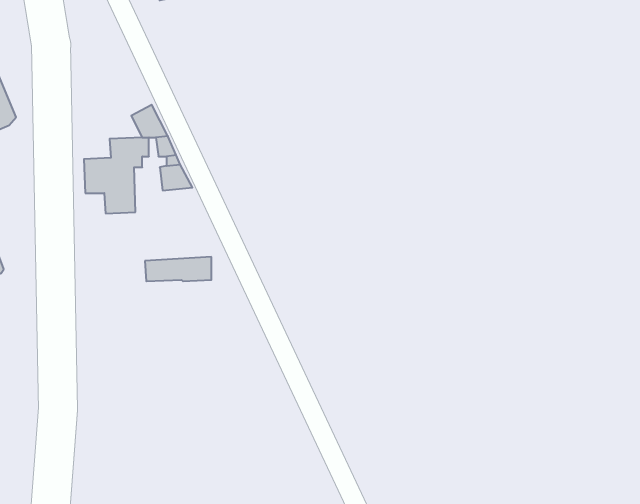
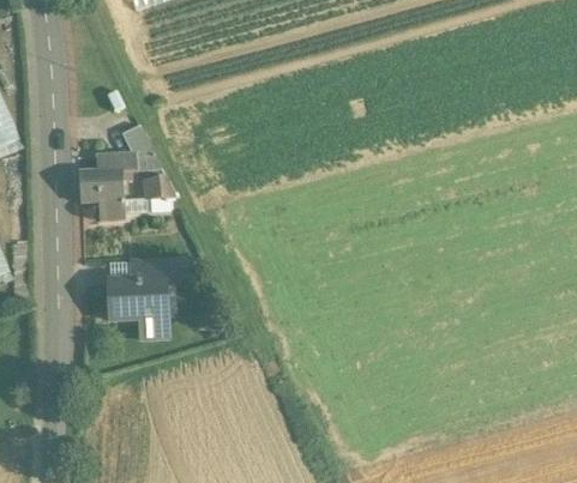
building: none -> [108,279,164,337]

